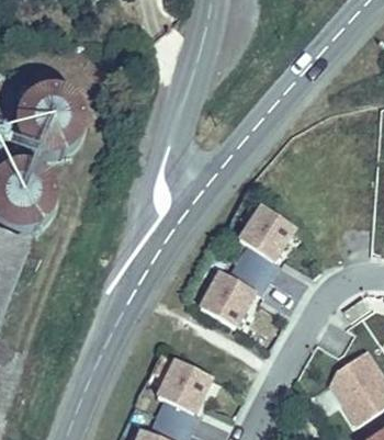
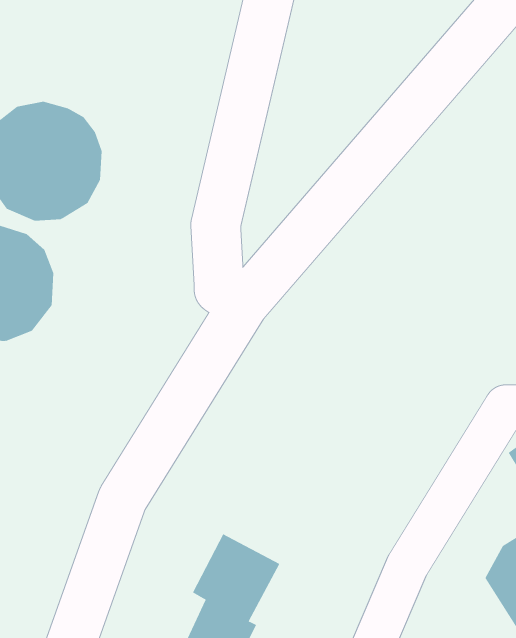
building: [201,204,297,323] -> none

